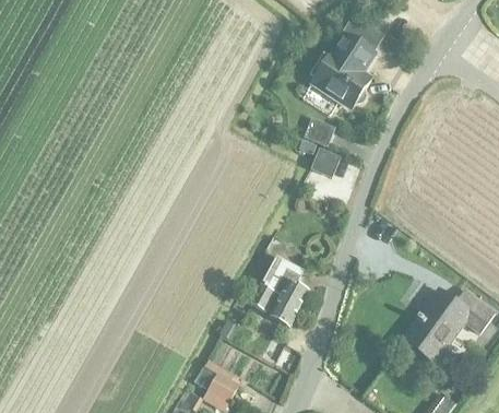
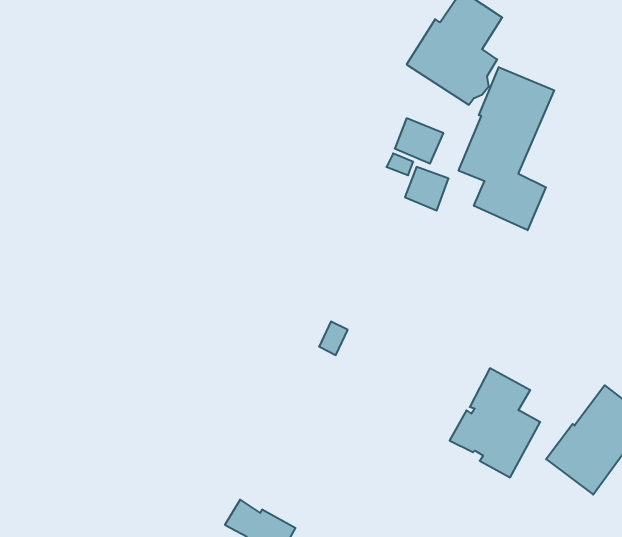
building: none -> [459,67,554,230]
building: [250,256,309,327] -> [450,368,540,477]

